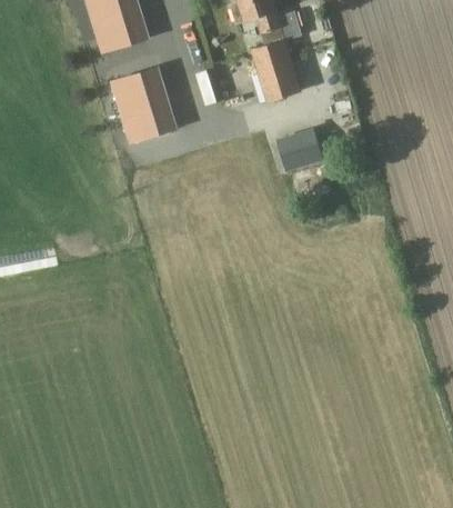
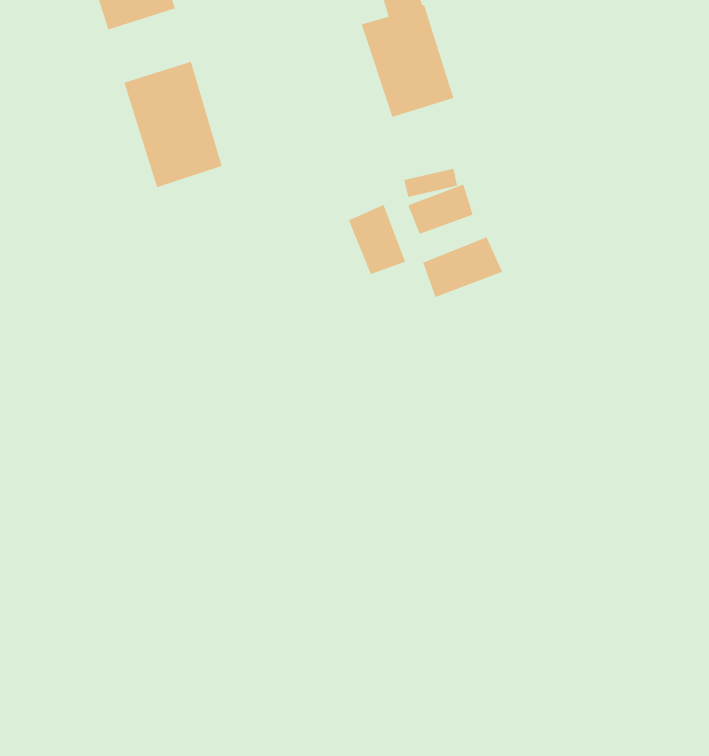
building: none -> [348,204,406,275]
building: none -> [422,236,503,298]

